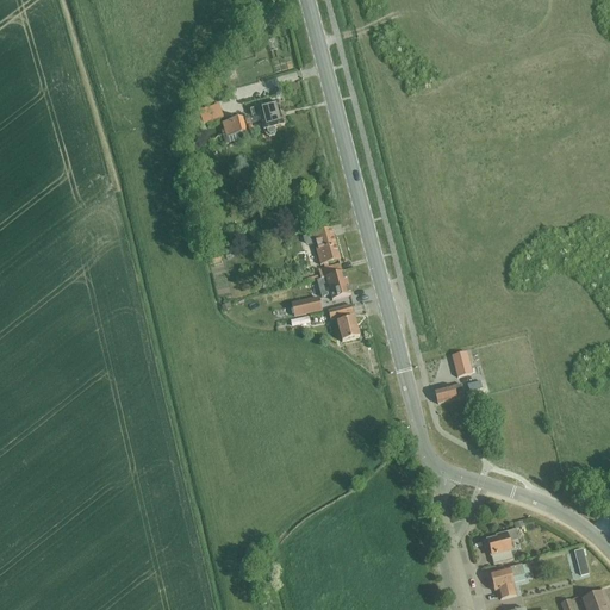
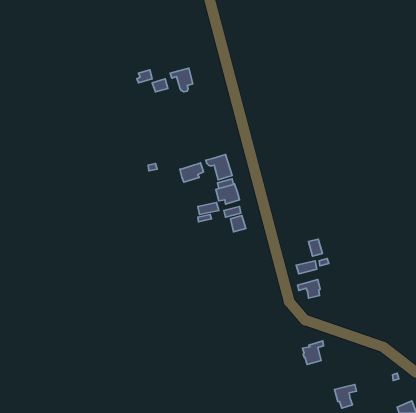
building: none -> [180,163,203,182]
building: none -> [297,279,320,298]
building: [486,528,517,562] -> [302,341,324,365]

